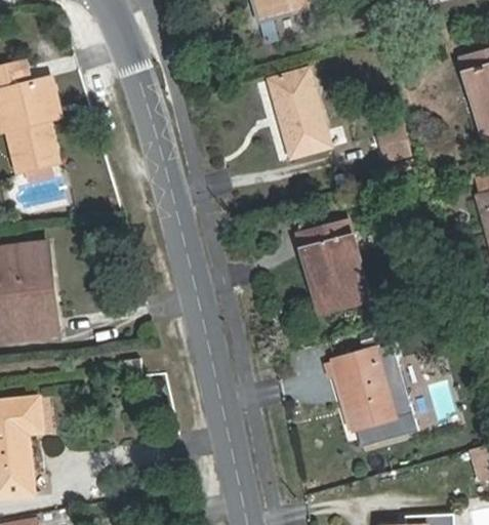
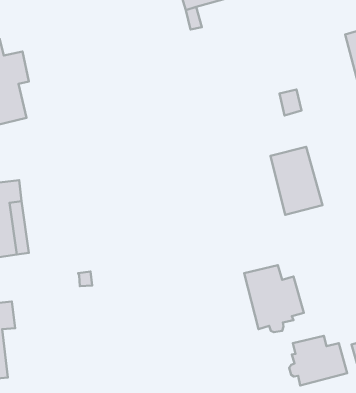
building: [269,73,329,159] -> none
building: [301,224,367,310] -> [271,147,322,215]
building: none -> [289,336,347,385]

